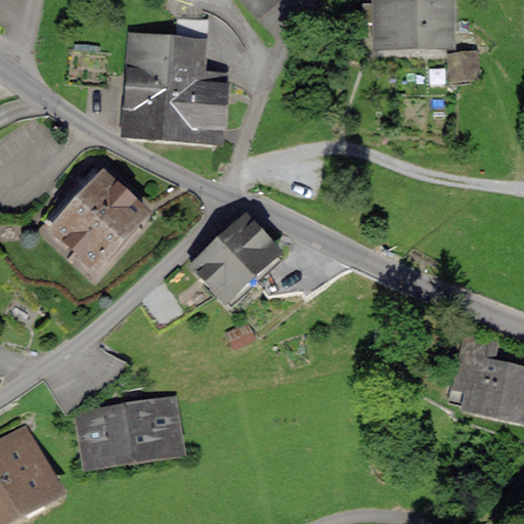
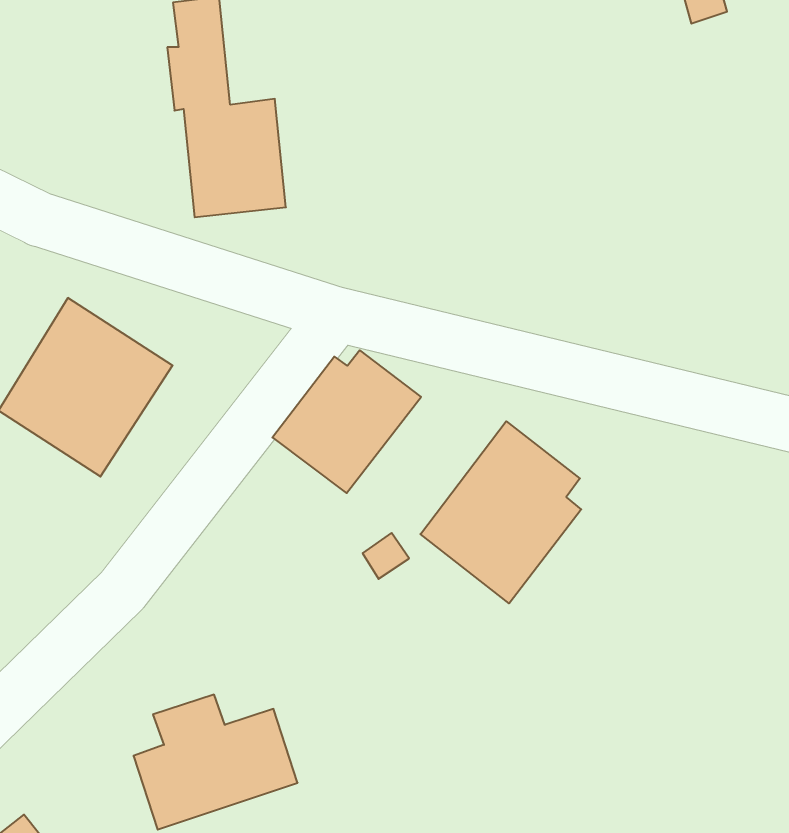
building: [128,39,176,136] -> none
building: none -> [420,421,581,603]

